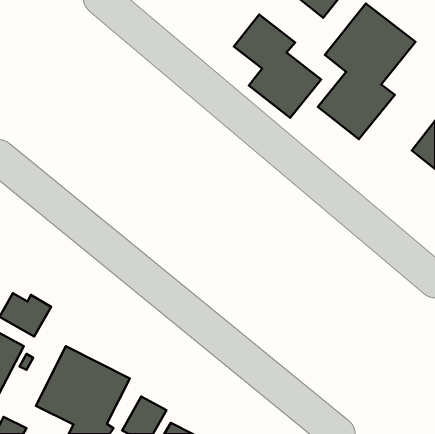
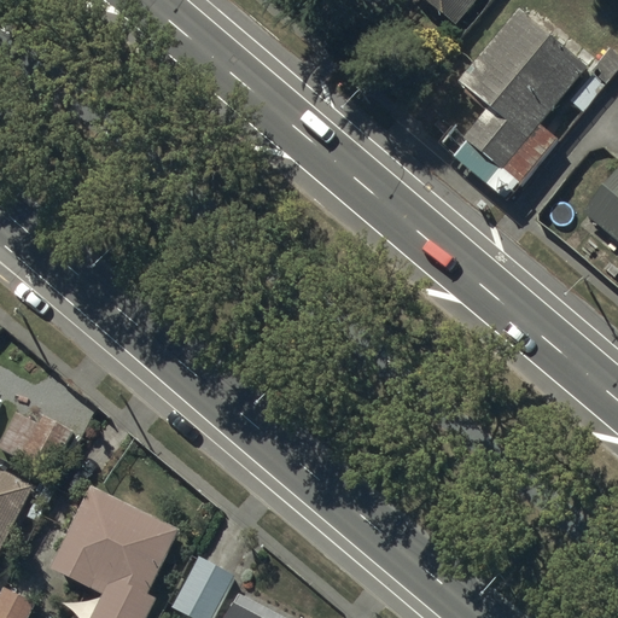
building: [234,14,321,118] -> none

